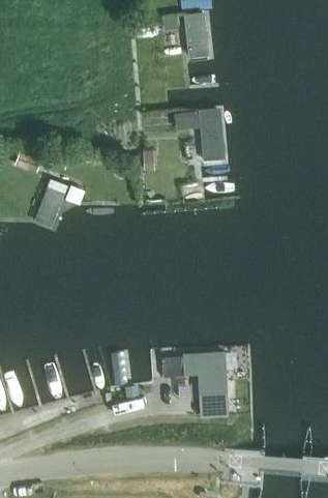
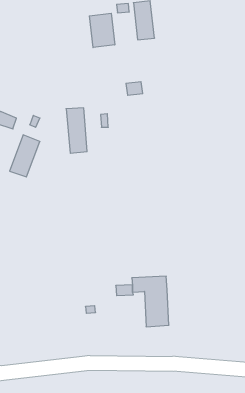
building: none -> [89,13,115,48]
building: [200,109,226,165] -> [66,108,87,153]

